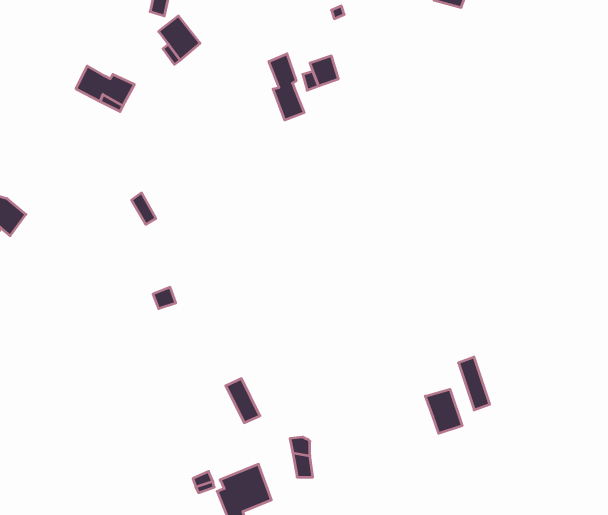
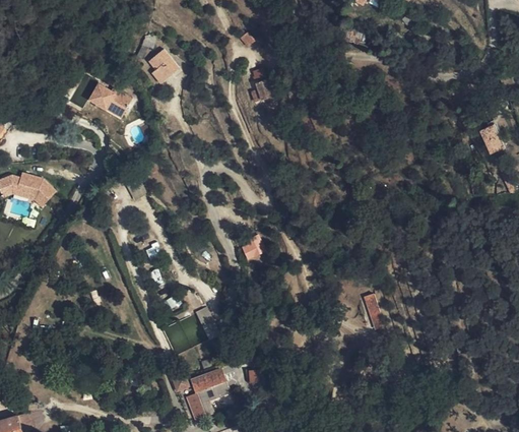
building: [269,54,304,120] -> none
building: none -> [240,233,265,260]
building: [425,389,462,433] -> none

